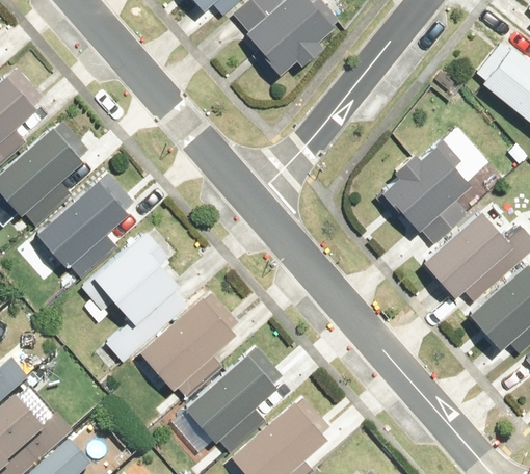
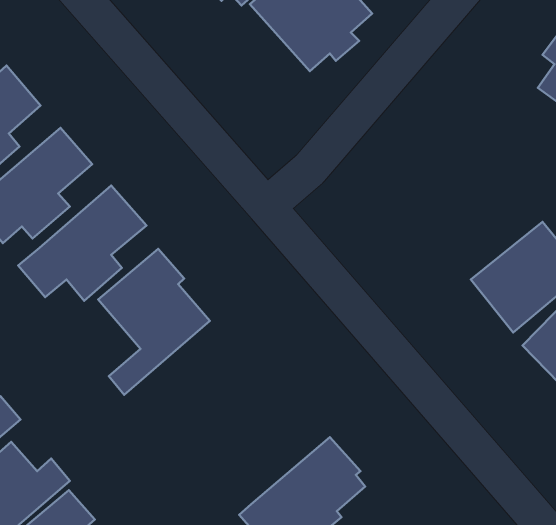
building: [386,144,477,242] -> none
building: [129,292,238,399] -> none
building: [169,345,282,452] -> none

